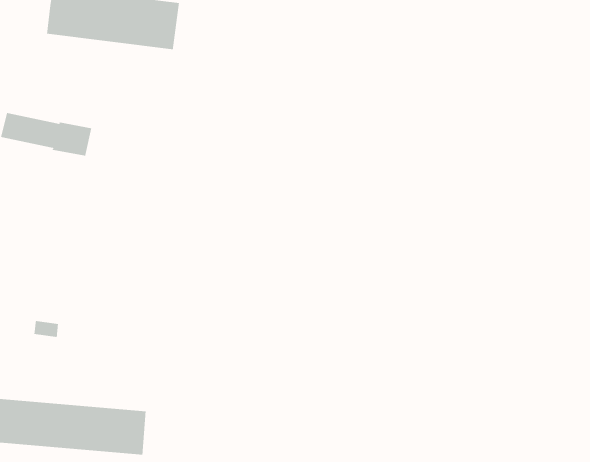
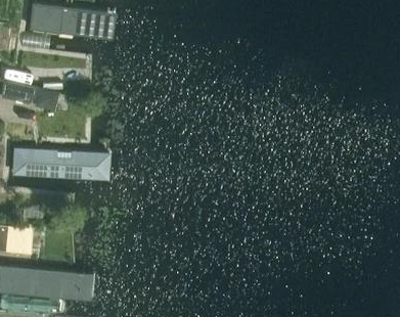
building: none -> [13,147,114,182]

